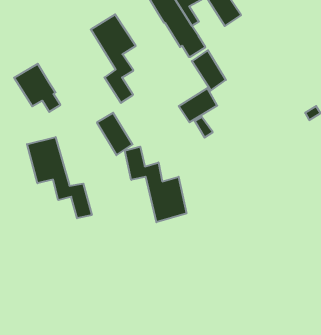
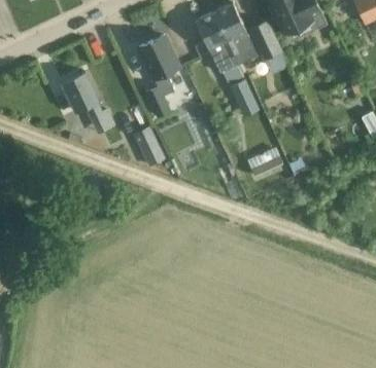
building: [179,88,217,122] -> [247,147,283,177]
building: [27,137,92,218] -> none
building: [125,147,186,222] -> none

